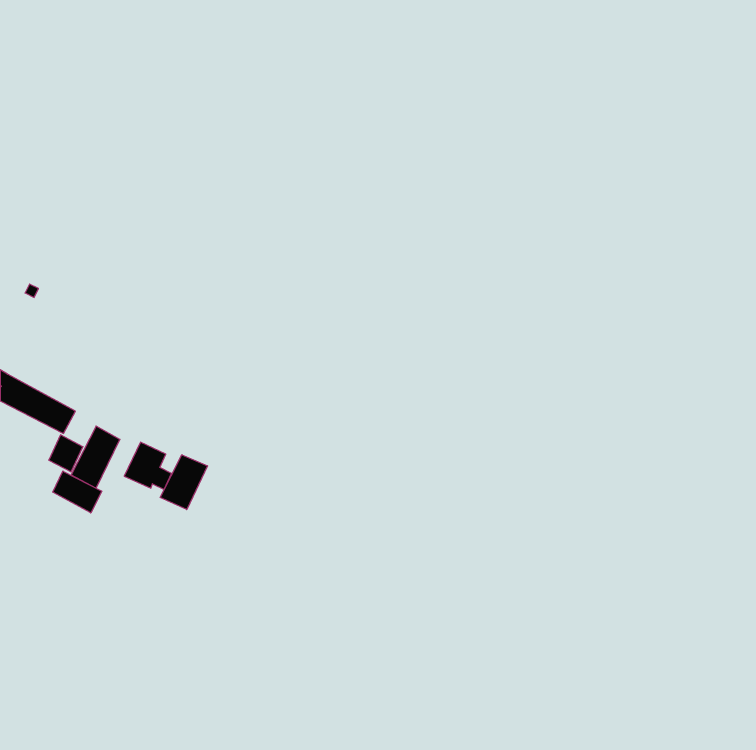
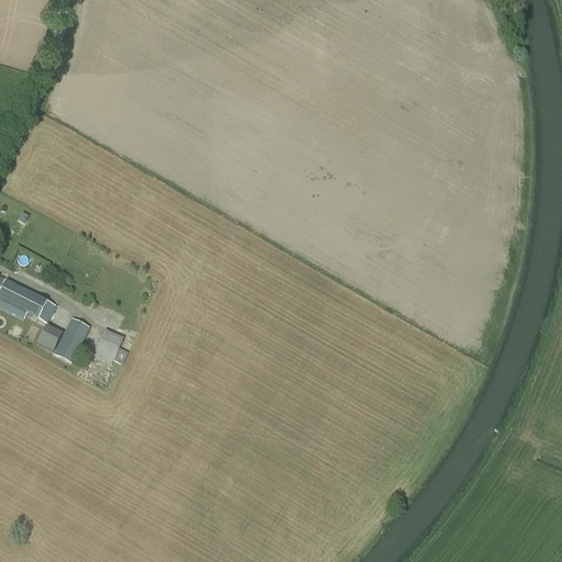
building: [160,455,207,510] -> none
building: [53,471,102,513] -> none

